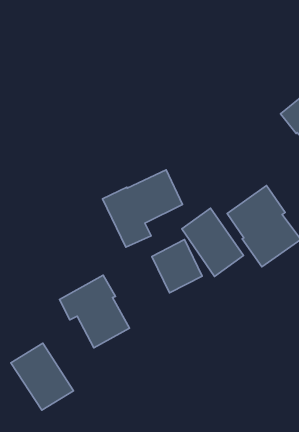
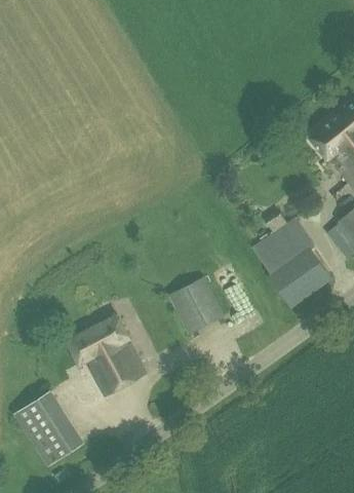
building: [102,170,183,247] -> none
building: [182,208,243,277] -> none

